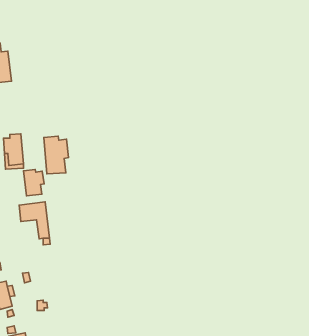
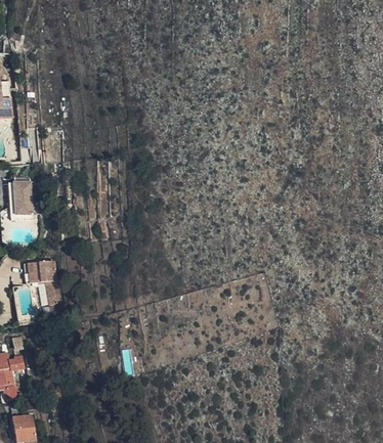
building: [44,136,69,174] -> none
building: [24,170,44,196] -> none

